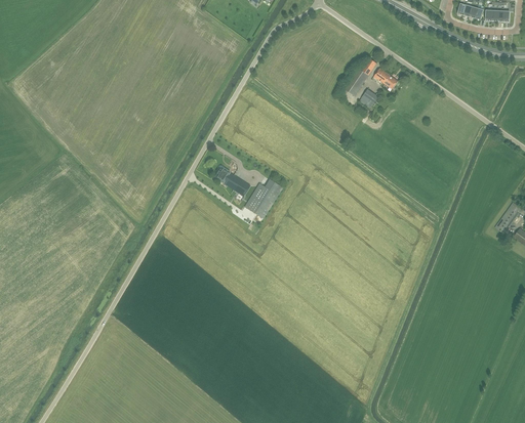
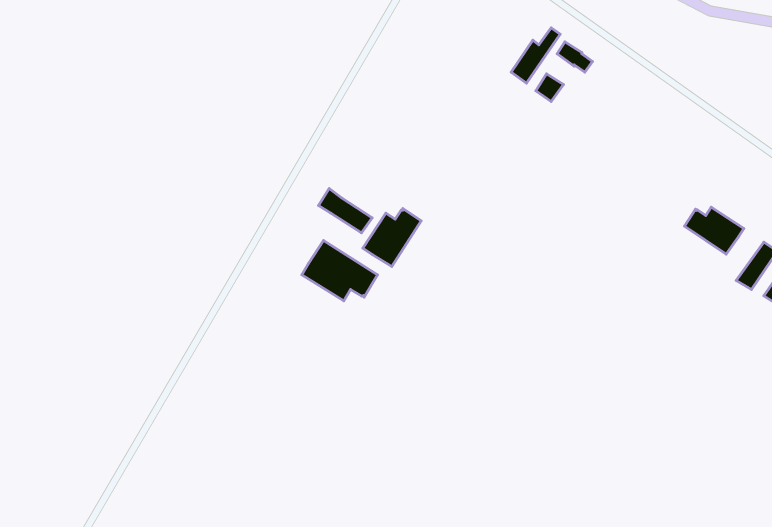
building: none -> [685,207,744,254]
building: none -> [302,240,378,301]

